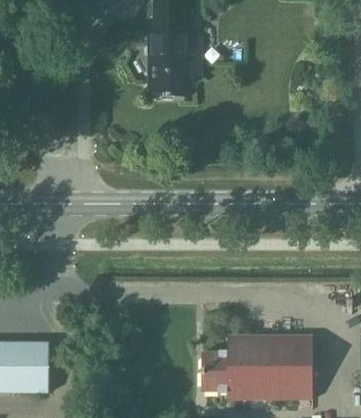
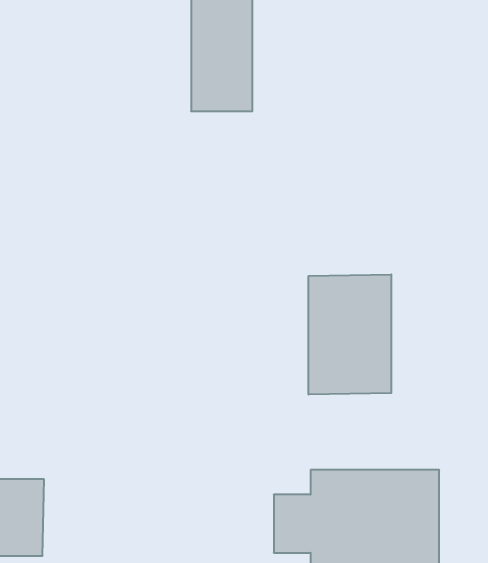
building: none -> [309,274,391,395]

